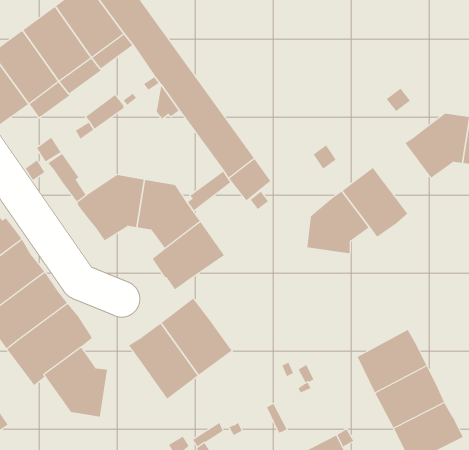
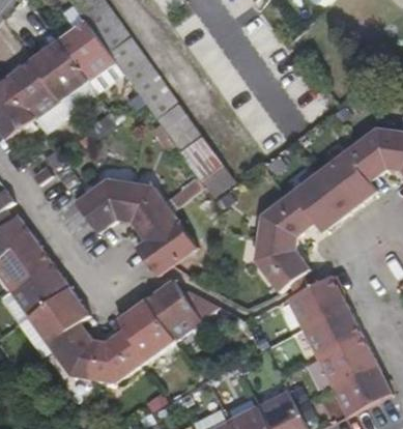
building: none -> [318,151,372,209]
building: none -> [260,237,313,291]
building: none -> [290,277,347,327]
building: none -> [93,331,148,382]

